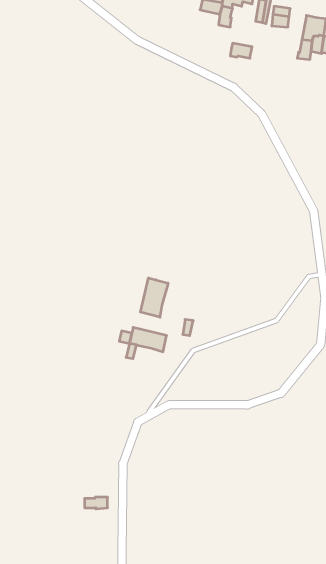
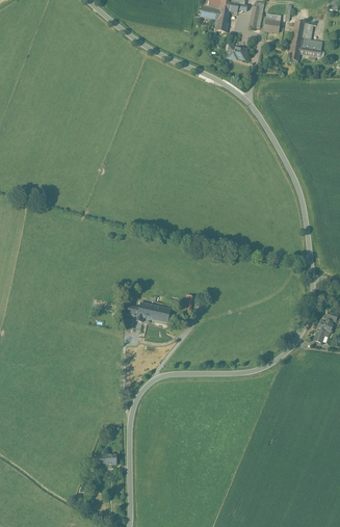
building: [140,278,168,317] -> none

